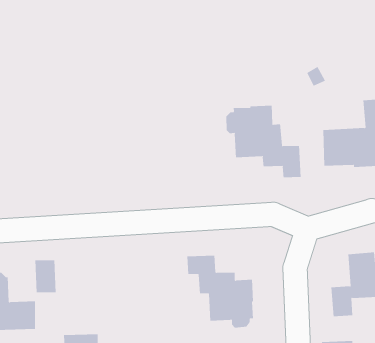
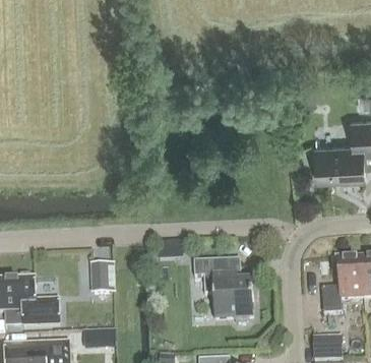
building: [226,105,301,178] -> none
building: [35,260,56,293] -> [89,261,109,291]

